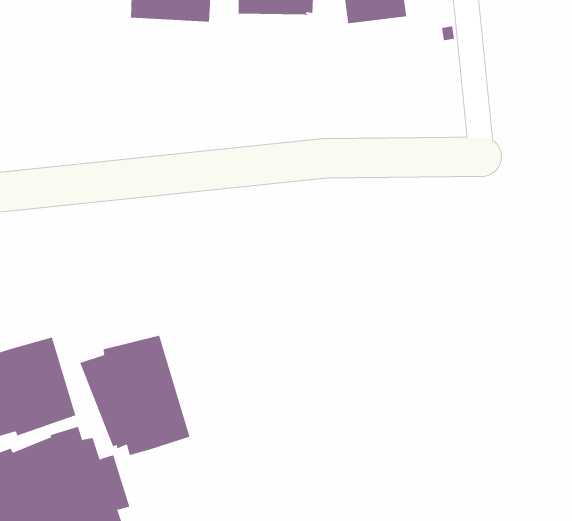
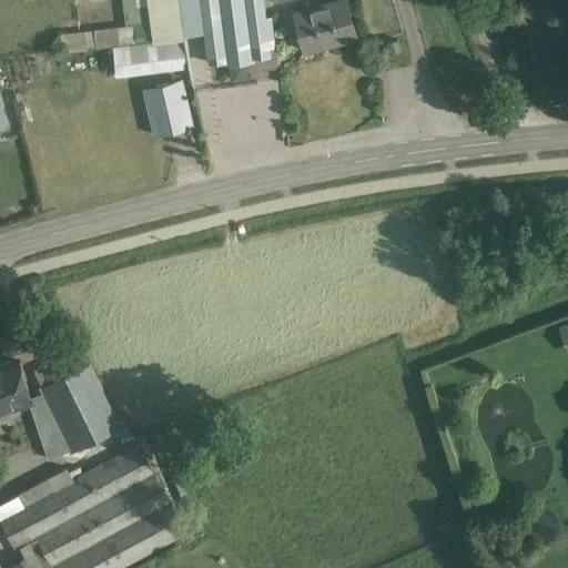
building: none -> [143,89,189,139]
building: [79,335,190,456] -> none

